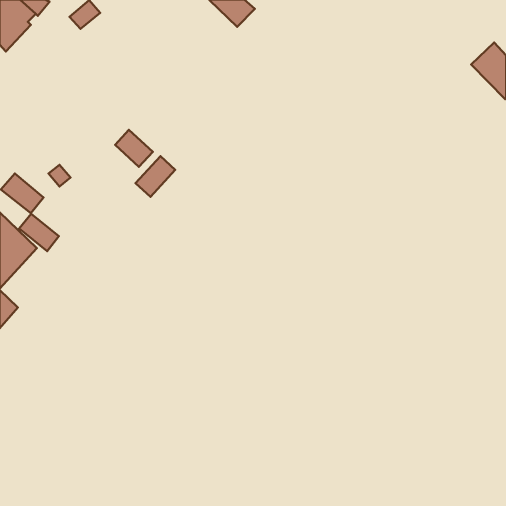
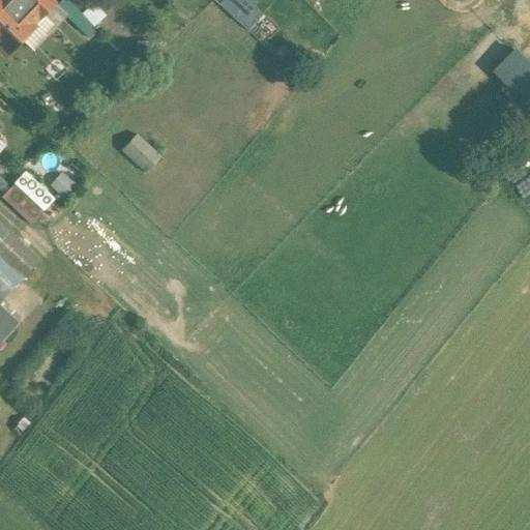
building: [136,156,175,197] -> none
building: [19,214,59,251] -> none

